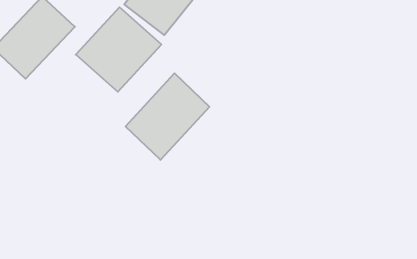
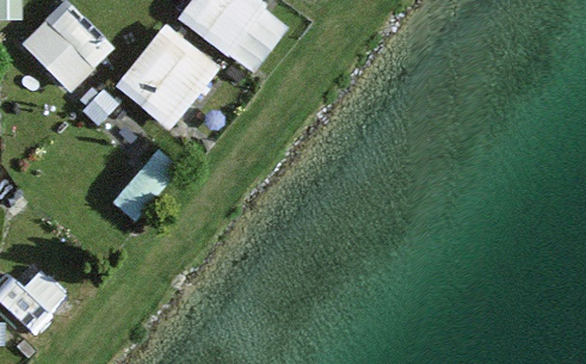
building: [126,73,209,160] -> none

